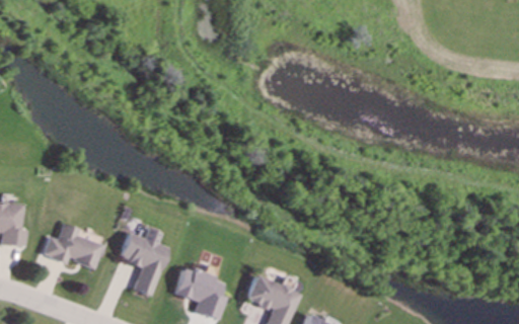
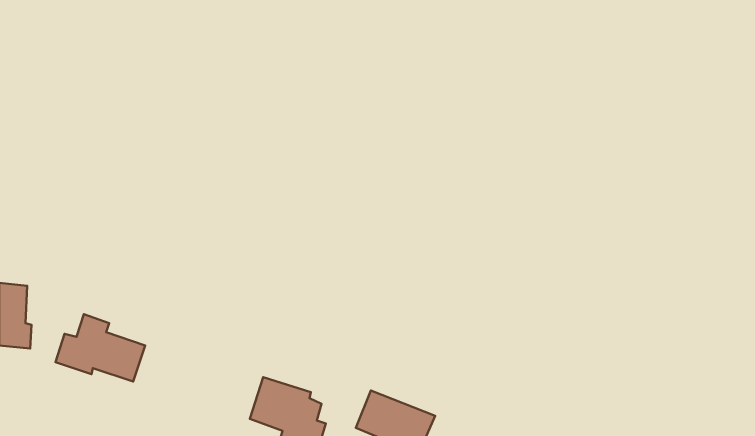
building: [120,226,167,294] -> none

